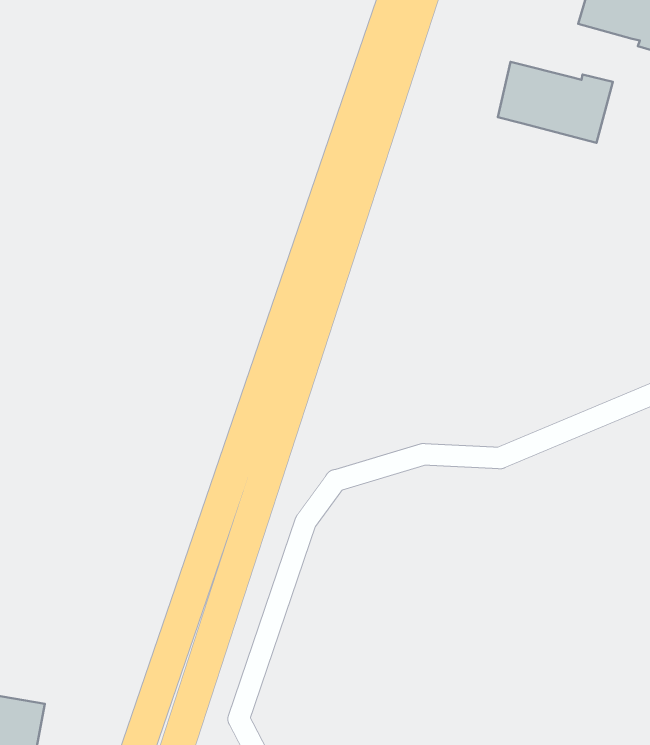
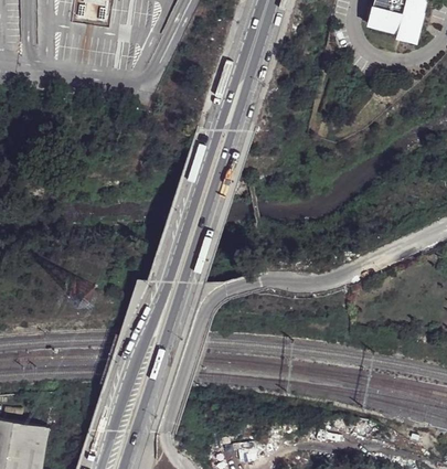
building: [498,62,613,143] -> none

